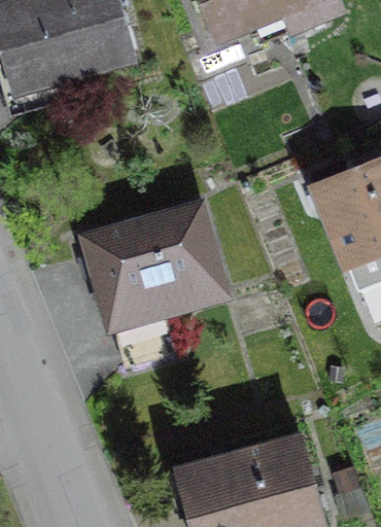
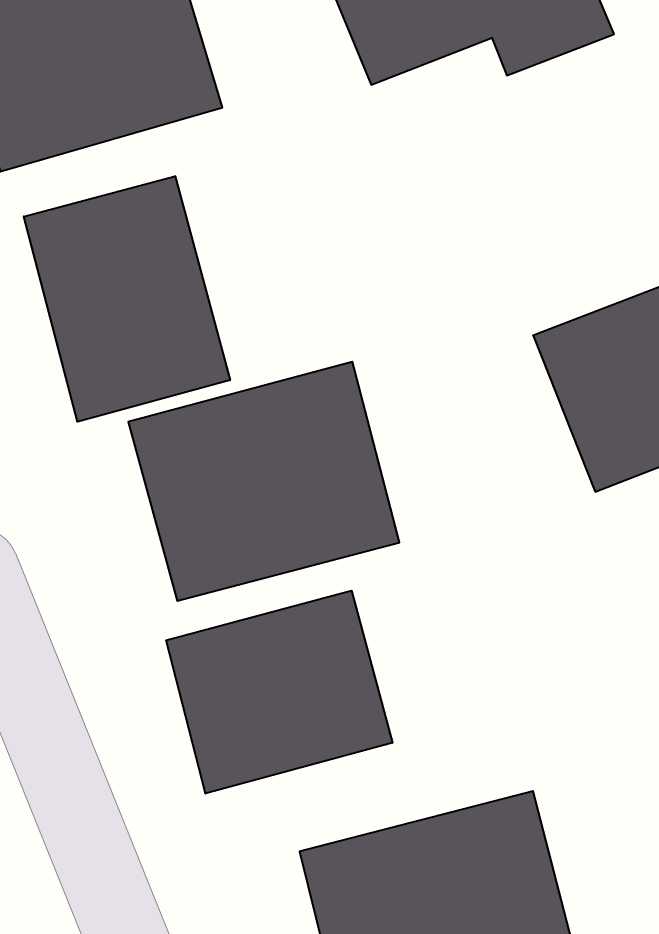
building: none -> [24,176,230,422]
building: none -> [166,591,392,794]

